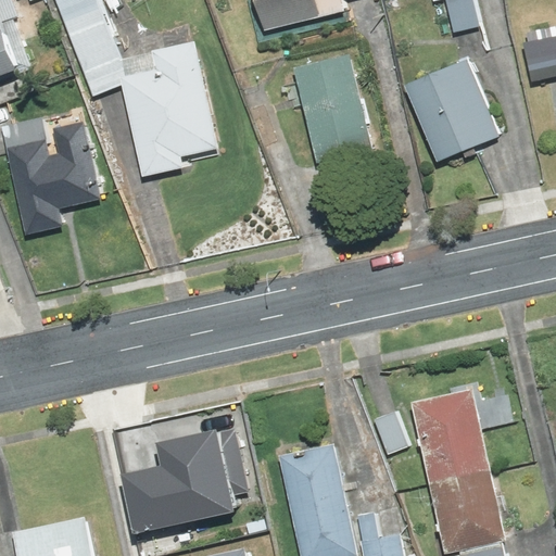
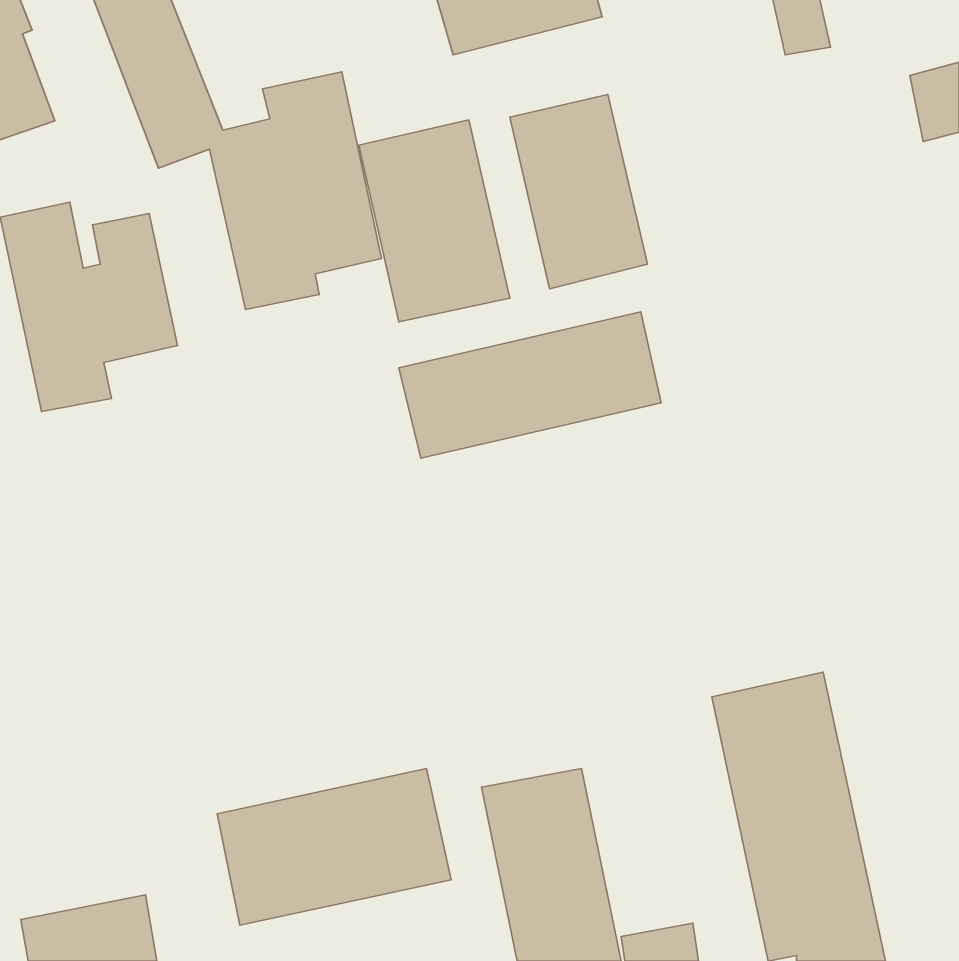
building: [403,58,500,164] -> none
building: none -> [359,120,510,322]
building: none -> [399,312,661,458]

